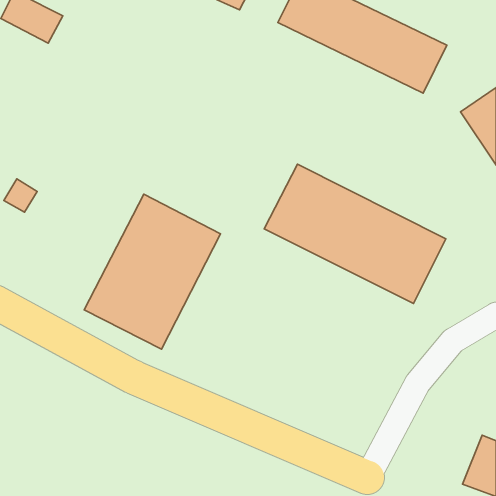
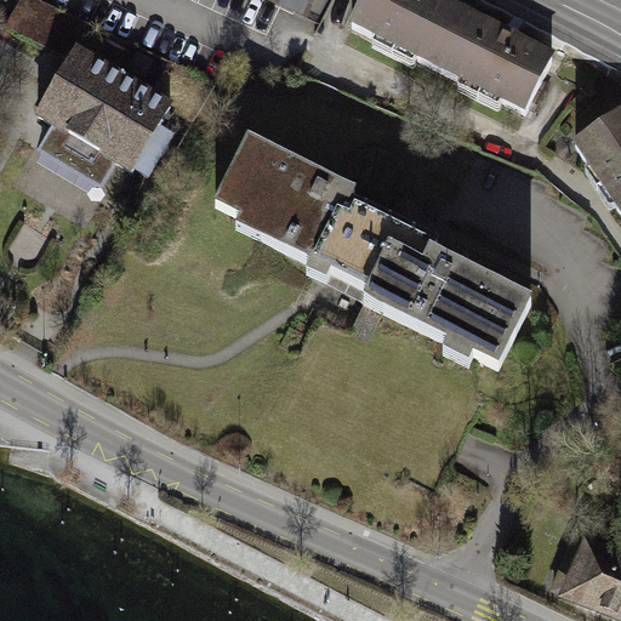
building: none -> [28,41,187,181]
building: none -> [222,133,372,266]
building: [84,194,221,349] -> none

